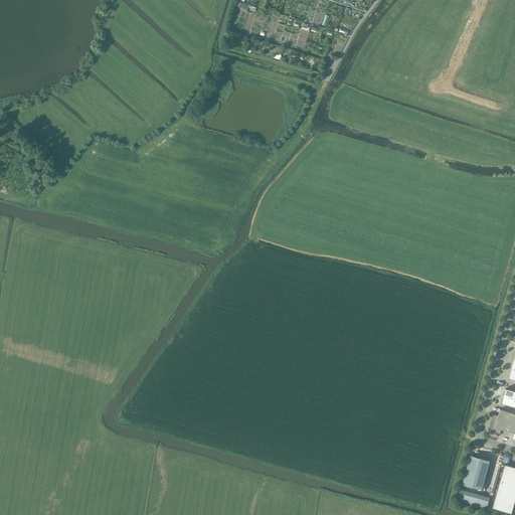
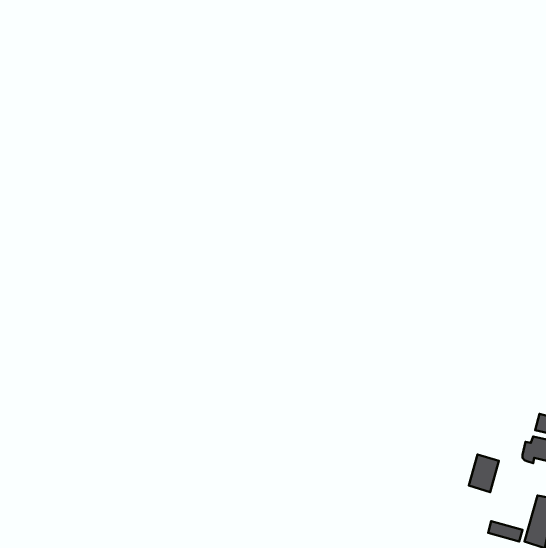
building: [464,455,492,490] -> [469,454,499,492]

